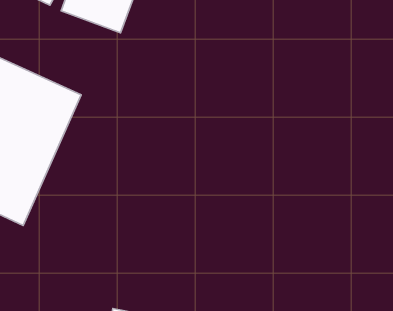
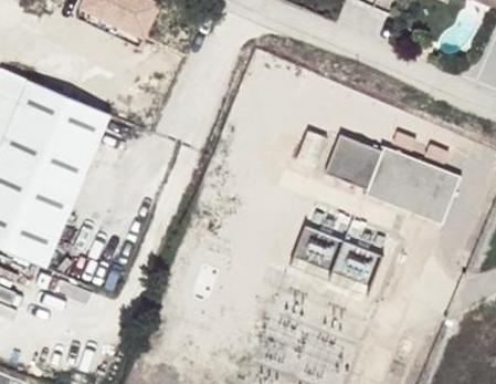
building: none -> [328,142,460,229]

